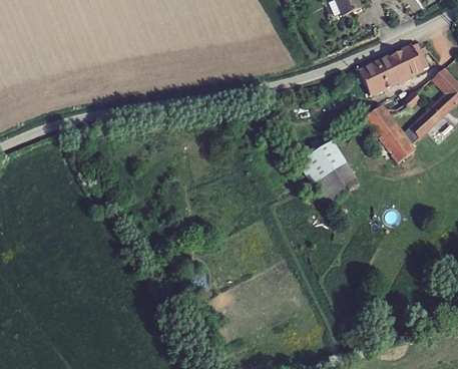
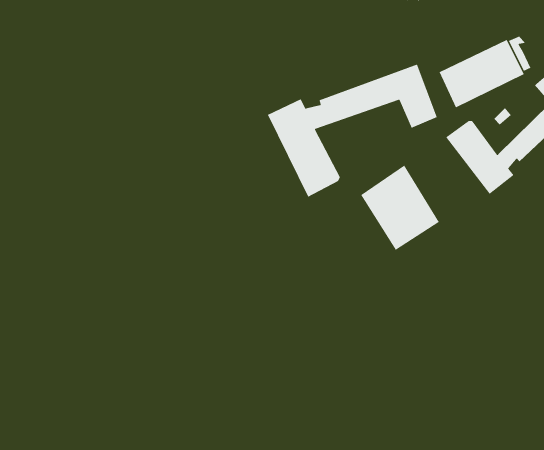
building: none -> [267,63,438,198]

